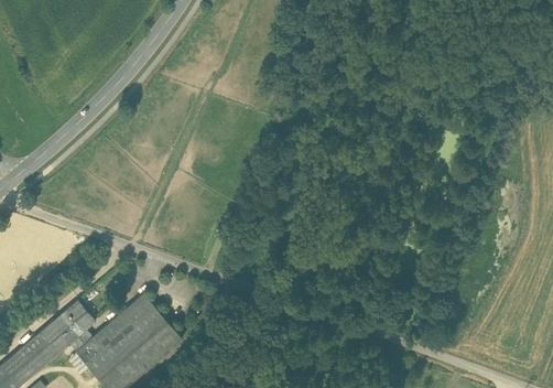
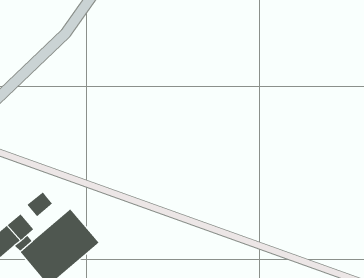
building: none -> [26,191,53,217]

